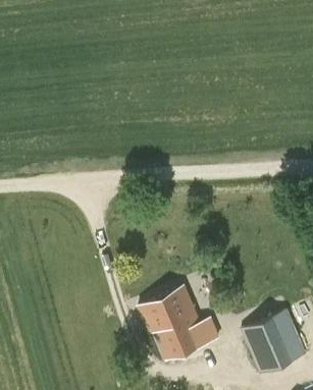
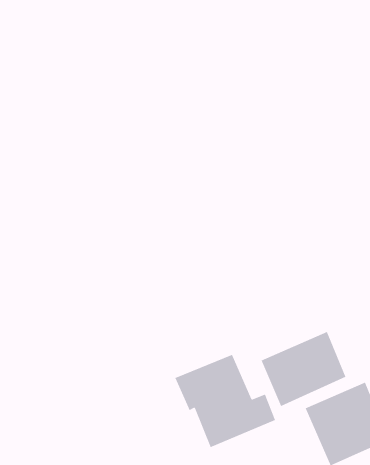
building: none -> [261,331,346,407]

